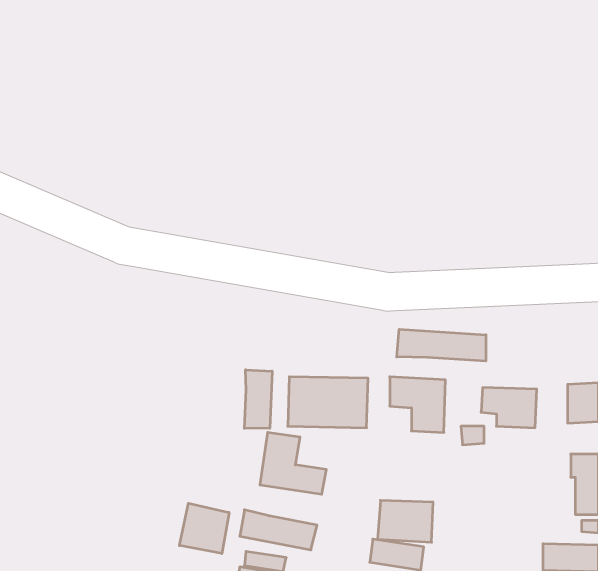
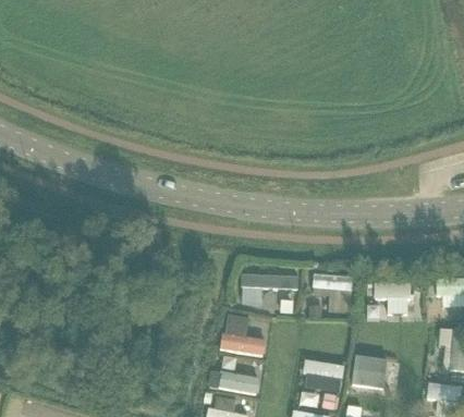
building: [397,329,486,361] -> none
building: [244,370,272,428] -> none
building: none -> [350,354,394,390]
building: [179,503,229,554] -> none

